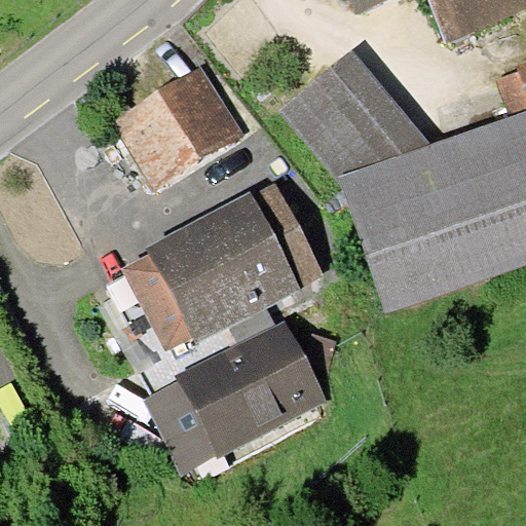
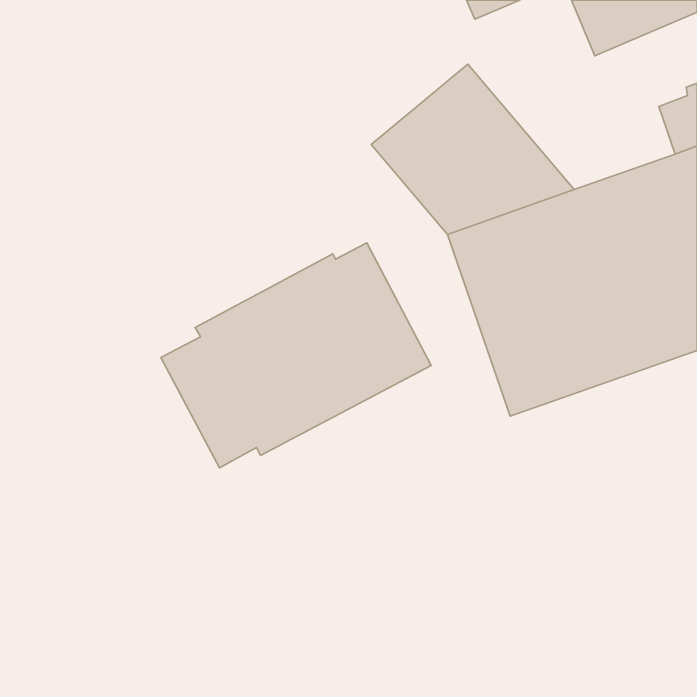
building: [112,65,246,190] -> none
building: [143,320,328,475] -> none

